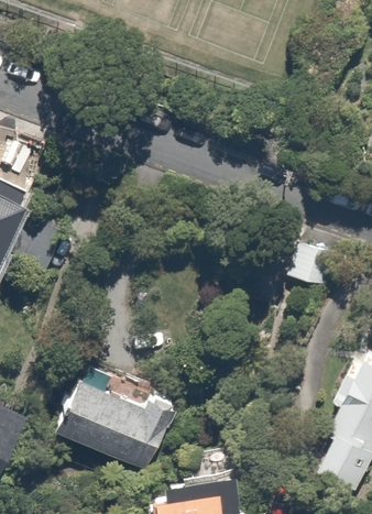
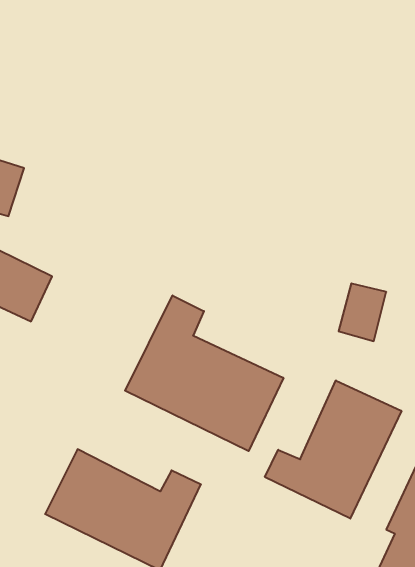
building: none -> [125,295,283,451]
building: none -> [265,380,401,519]

